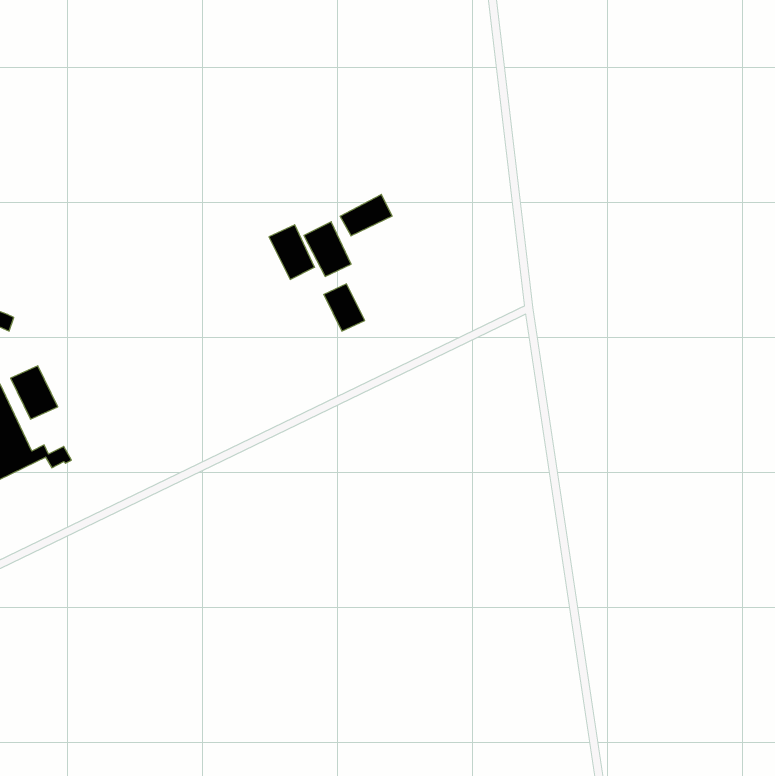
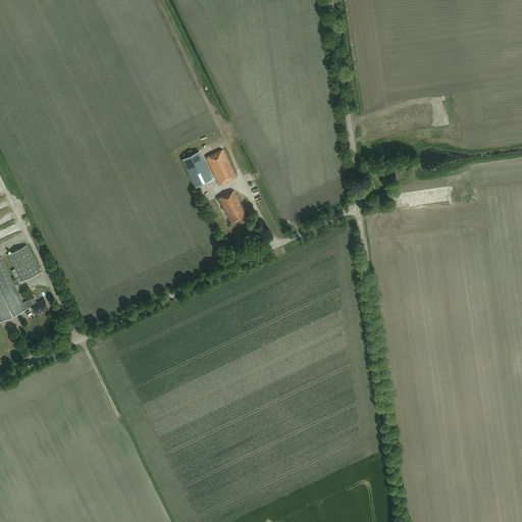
building: [340,194,392,236] -> none

